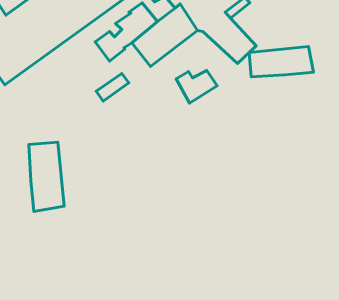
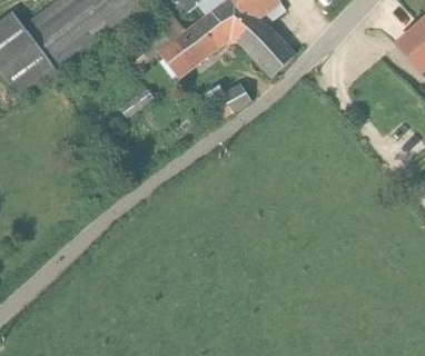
building: [249,47,313,77] -> none
building: [29,142,64,212] -> none

